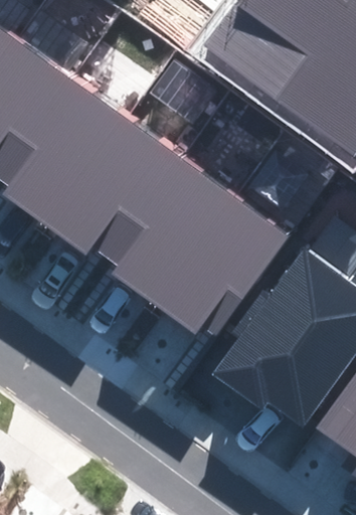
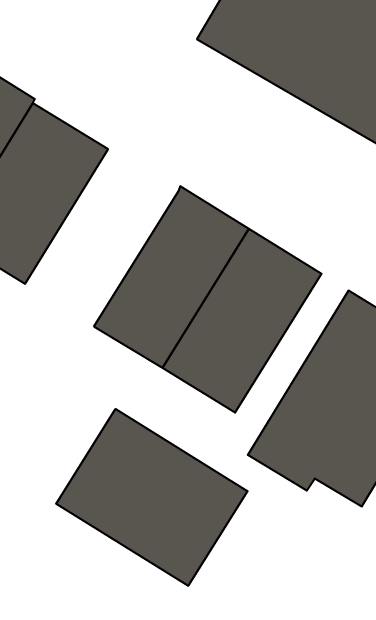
building: [52,125,179,264] -> none
building: none -> [56,409,248,586]

